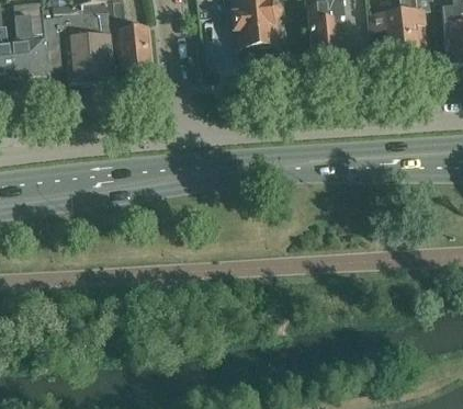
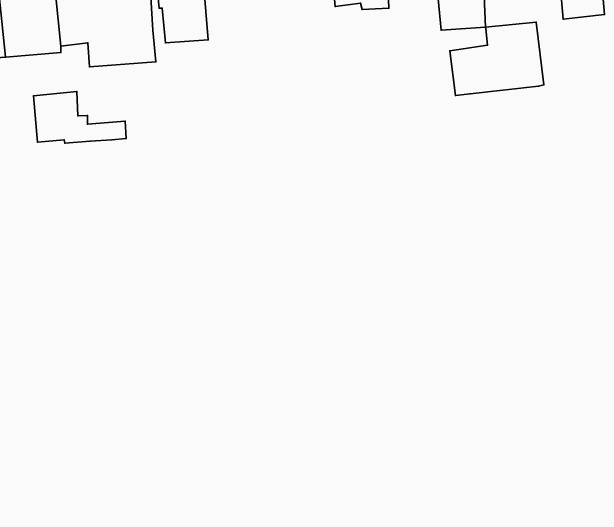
building: none -> [450,22,544,96]
building: none -> [33,91,126,143]

